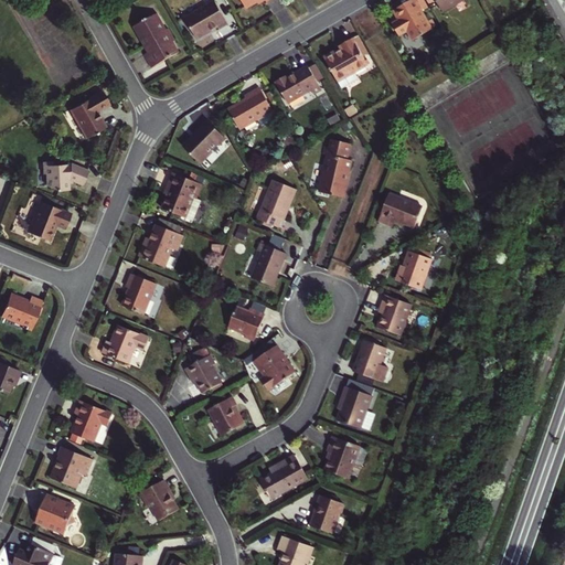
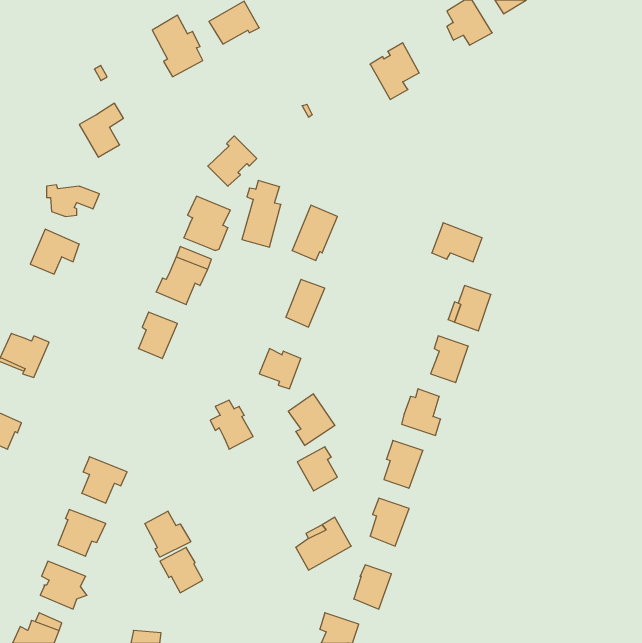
building: [274,66,321,103] -> none
building: [227,87,275,128] -> none
building: [318,139,352,198] -> [242,180,281,247]
building: [100,324,148,363] -> none
building: [206,396,242,435] -> [297,447,337,491]
building: none -> [145,511,191,557]

